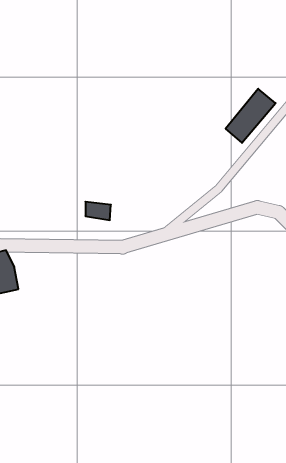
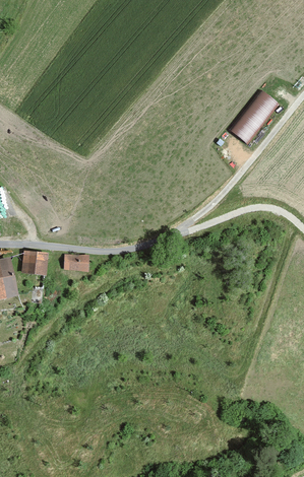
building: [85,202,111,220] -> [63,253,88,271]
building: none -> [20,251,49,273]

